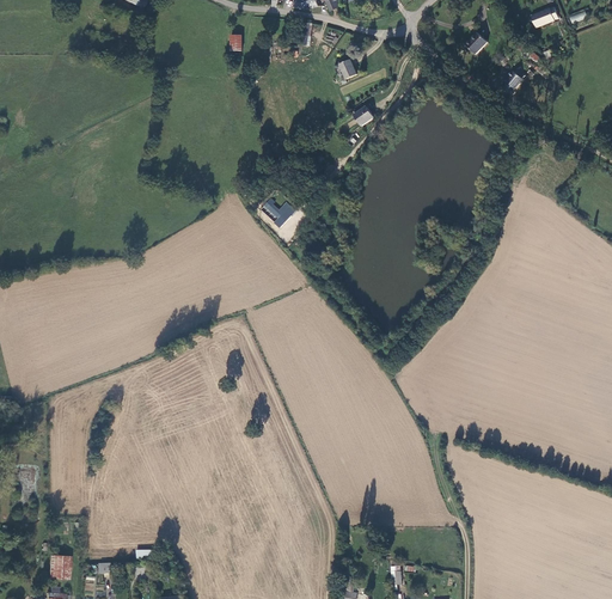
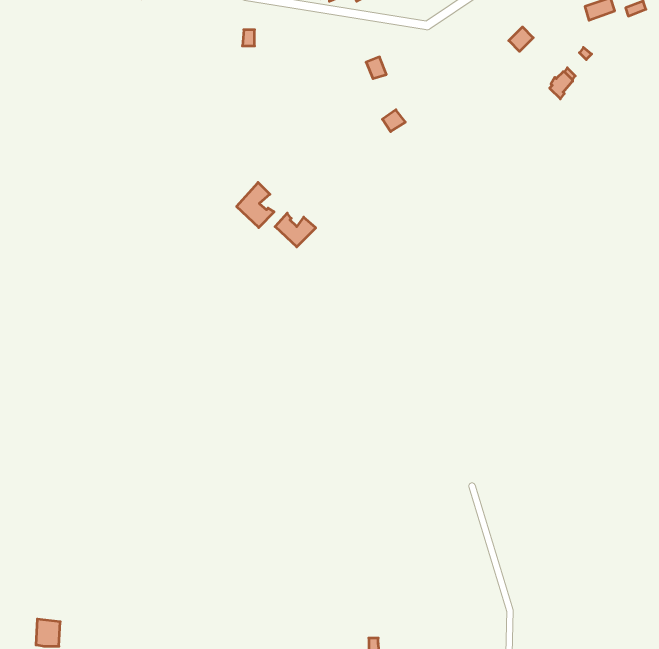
building: none -> [237,182,274,228]

